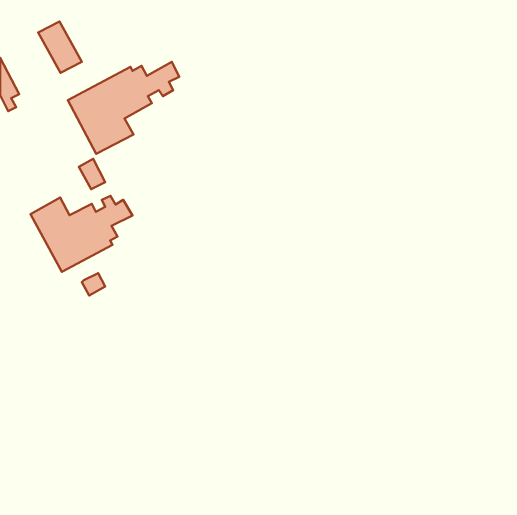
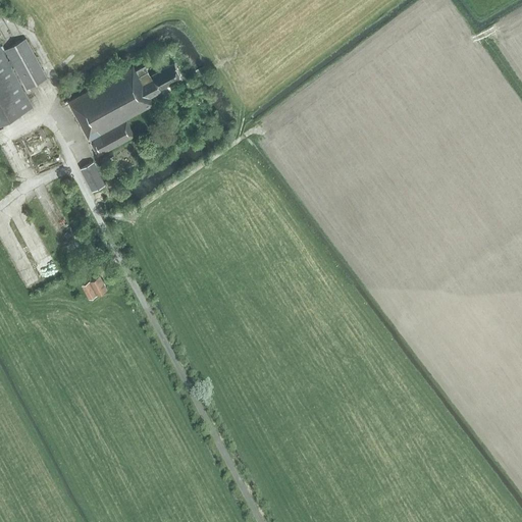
building: [38,21,82,73] -> [4,39,48,91]
building: [30,196,133,272] -> none

